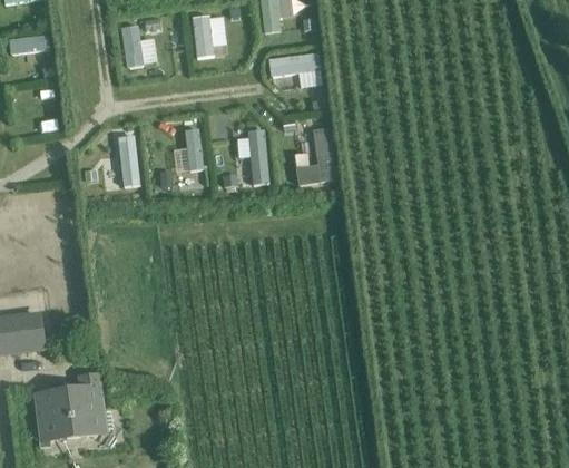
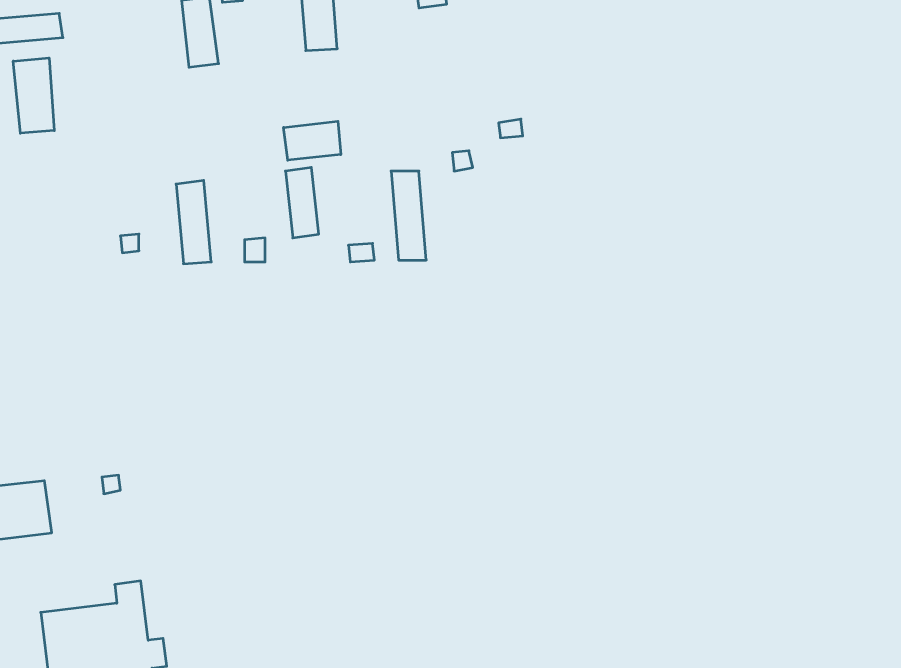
building: [268,53,318,77] -> none
building: none -> [13,58,54,133]
building: none -> [284,121,341,160]
building: [294,128,334,182] -> none

